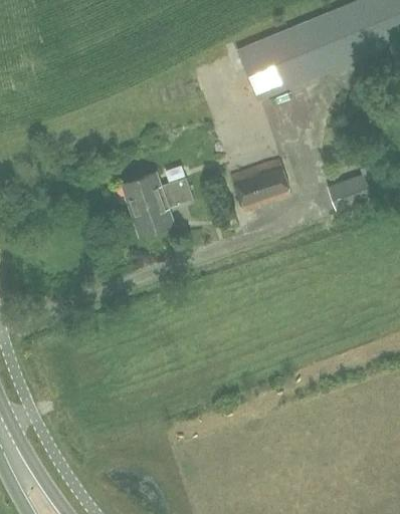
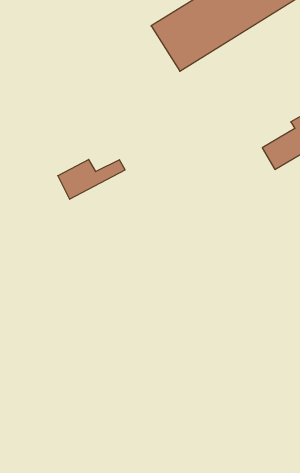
building: [231,159,291,212] -> none
building: [130,187,193,234] -> none

